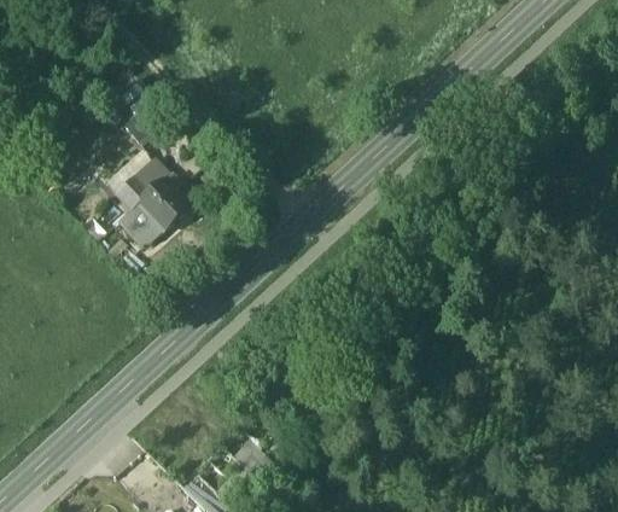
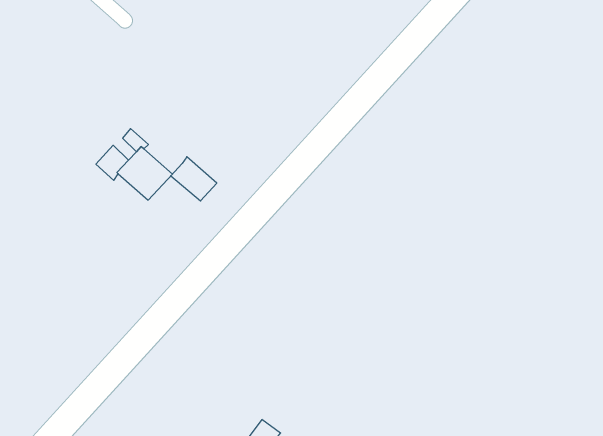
building: [118,200,162,244] -> [171,157,217,201]

